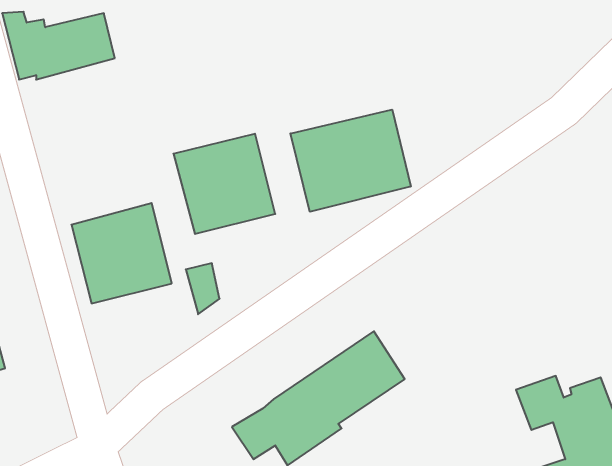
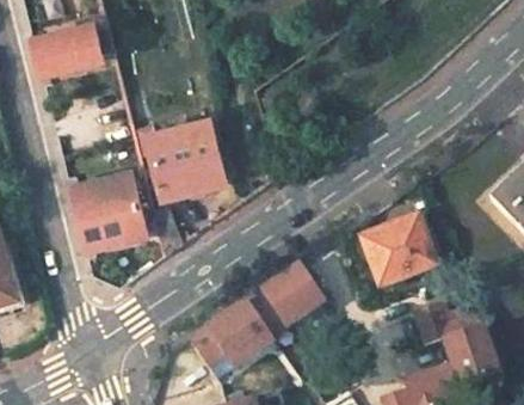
building: [290,110,411,212] -> none
building: none -> [363,220,432,283]

